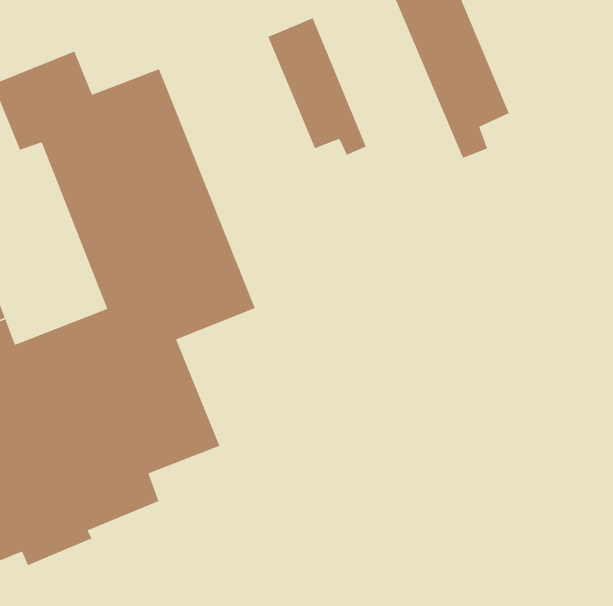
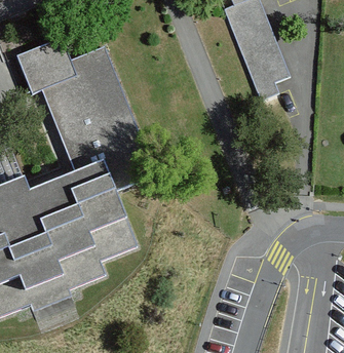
building: [267,17,367,156] -> none

